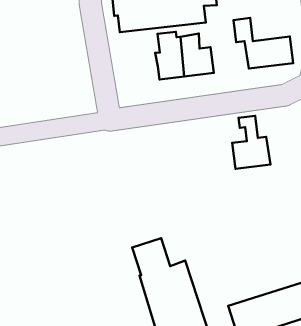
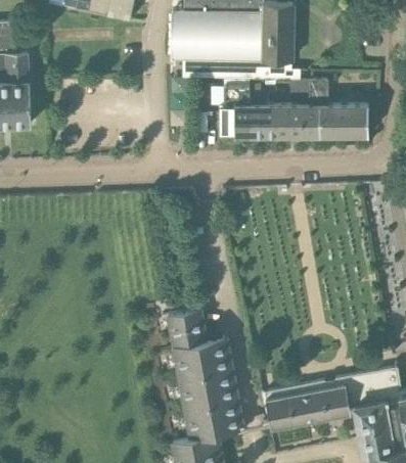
building: [232,116,270,169] -> [280,80,319,135]

